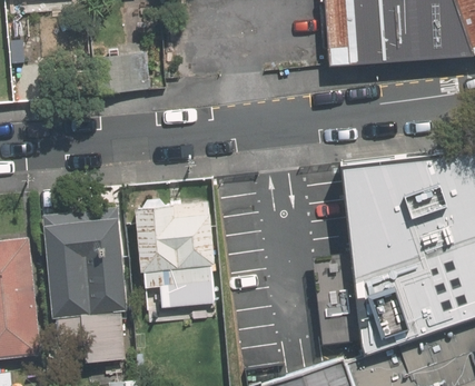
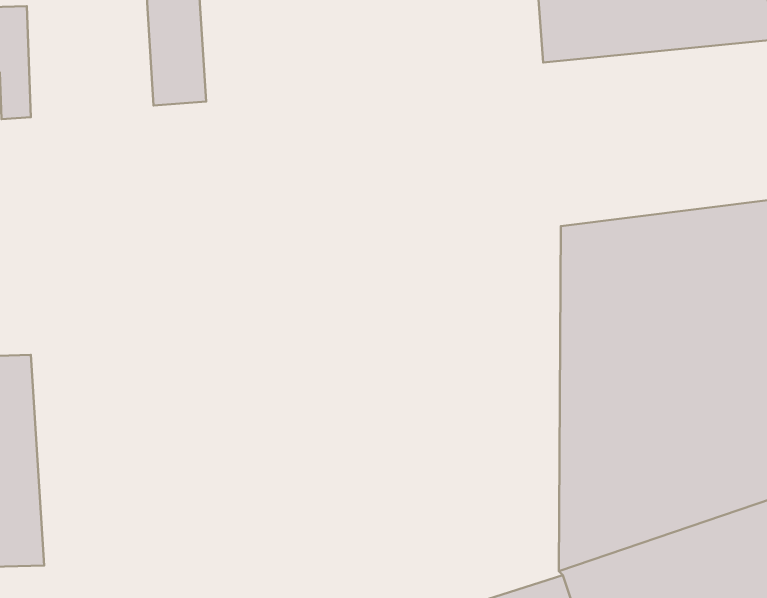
building: [144,198,217,304] -> none
building: [51,215,130,360] -> none

